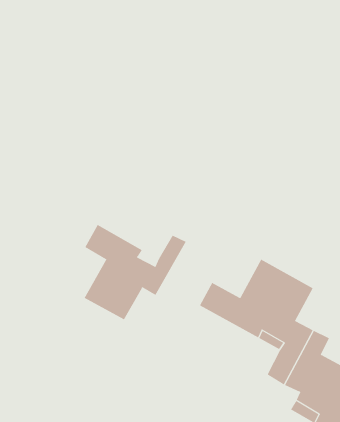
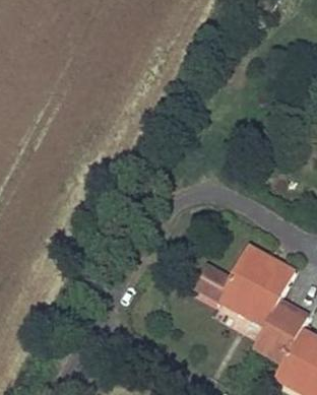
building: [84,224,187,320] -> none

